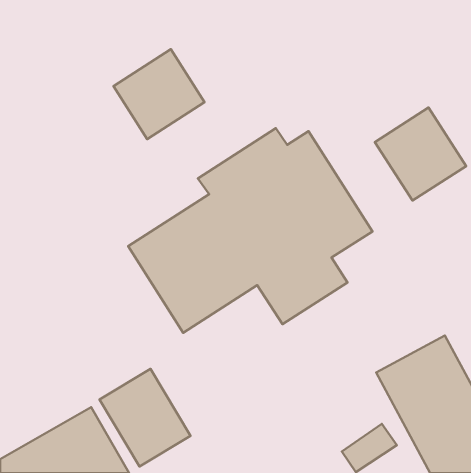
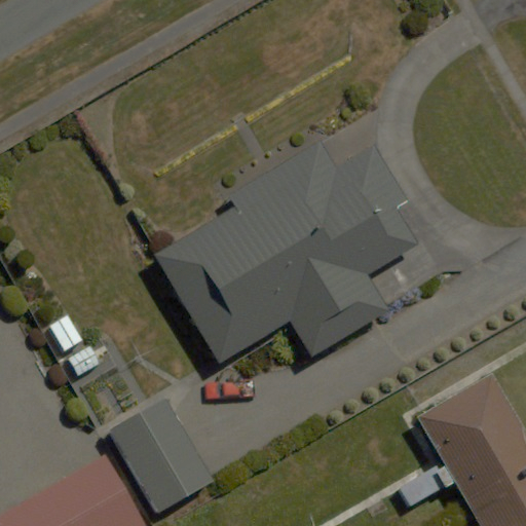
building: [113,49,205,139] -> none
building: [375,108,466,201] -> none

